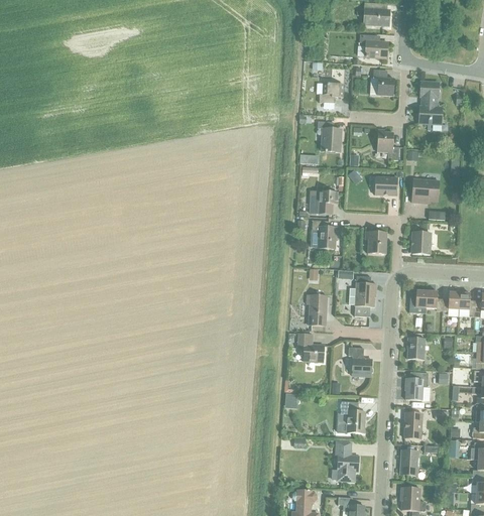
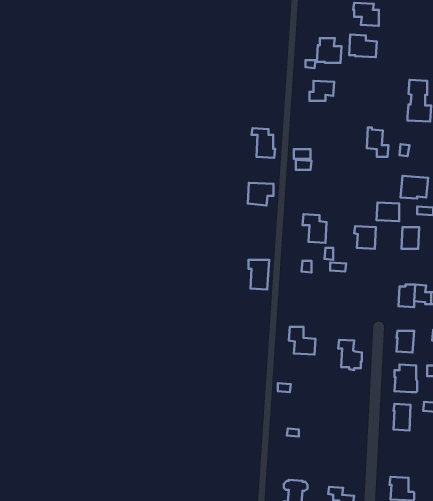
building: [368,71,393,96] -> [317,38,342,63]
building: [316,122,340,152] -> [252,128,275,158]
building: [373,176,396,196] -> [376,202,399,221]
building: [310,190,336,214] -> [248,183,273,206]
building: [348,276,375,316] -> none
building: [306,295,327,326] -> [248,260,269,290]
building: [340,401,364,433] -> none
building: [331,441,358,482] -> none
building: [399,450,417,475] -> none

